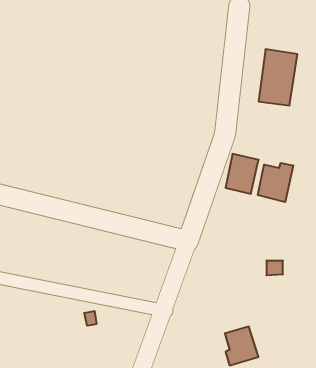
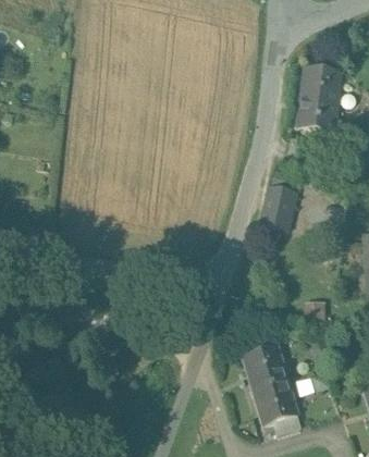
building: [258,163,293,202] -> none
building: none -> [243,346,284,388]

